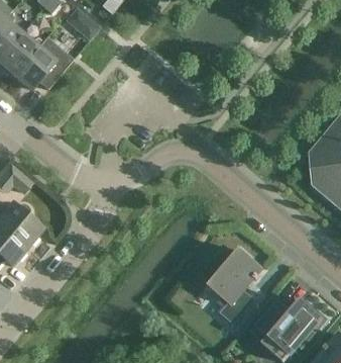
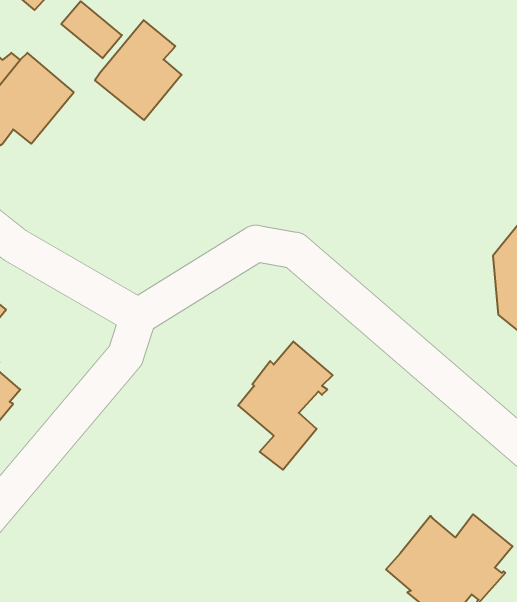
building: none -> [95,20,182,120]
building: [209,249,262,322] -> [238,341,333,470]

